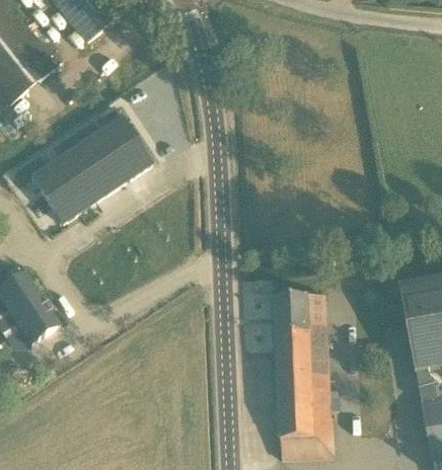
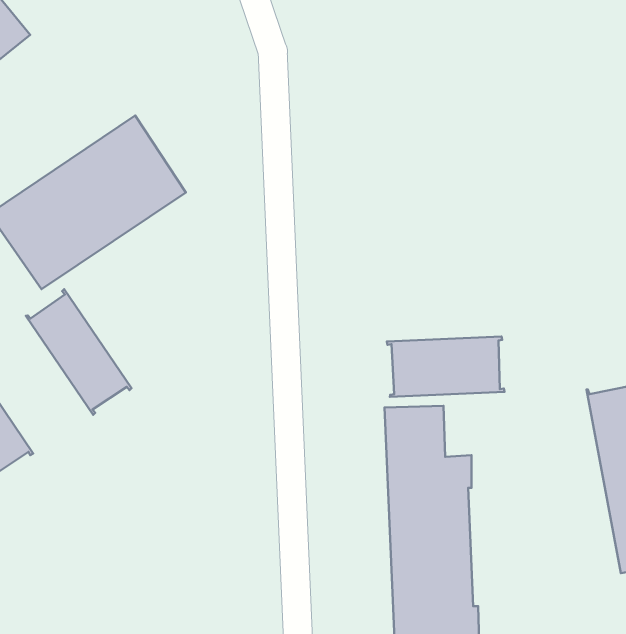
building: none -> [26,289,131,415]
building: none -> [387,336,505,397]

